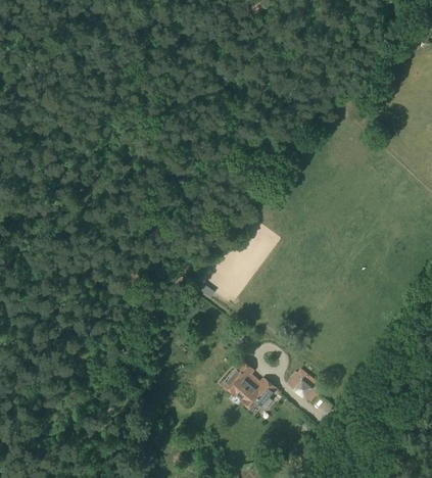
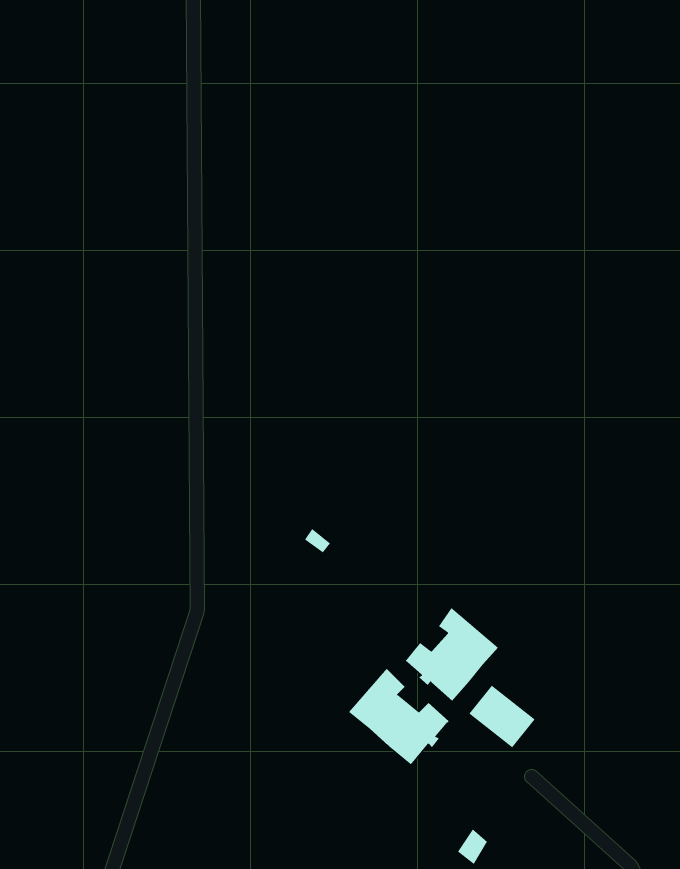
building: none -> [405,607,499,701]

